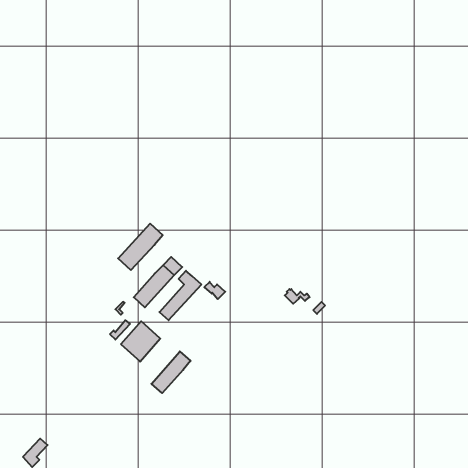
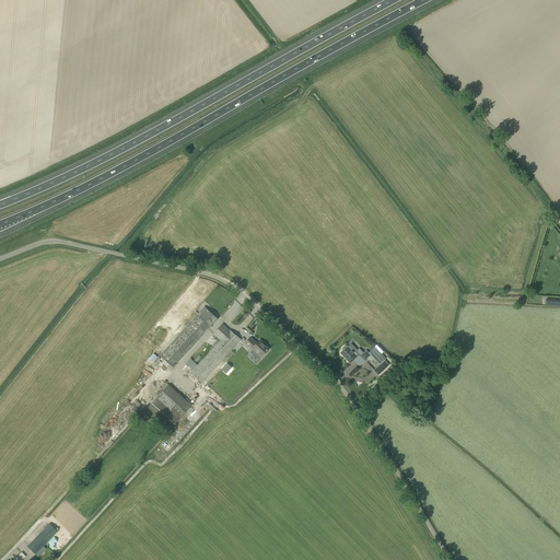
building: [118,224,163,270] -> none
building: [151,351,191,393] -> none

